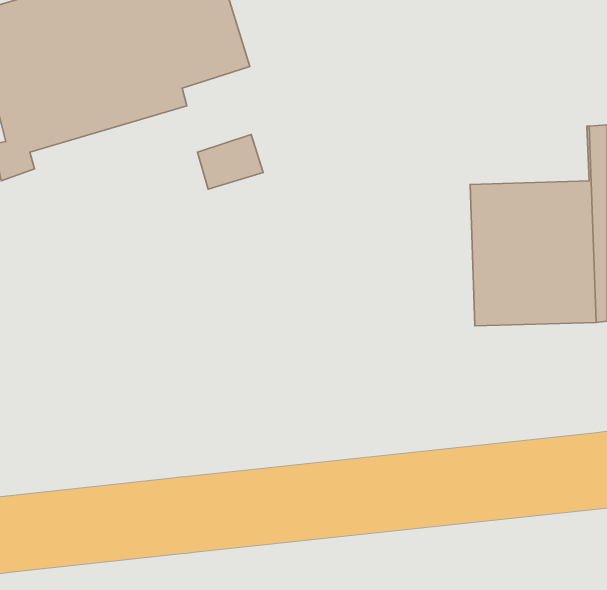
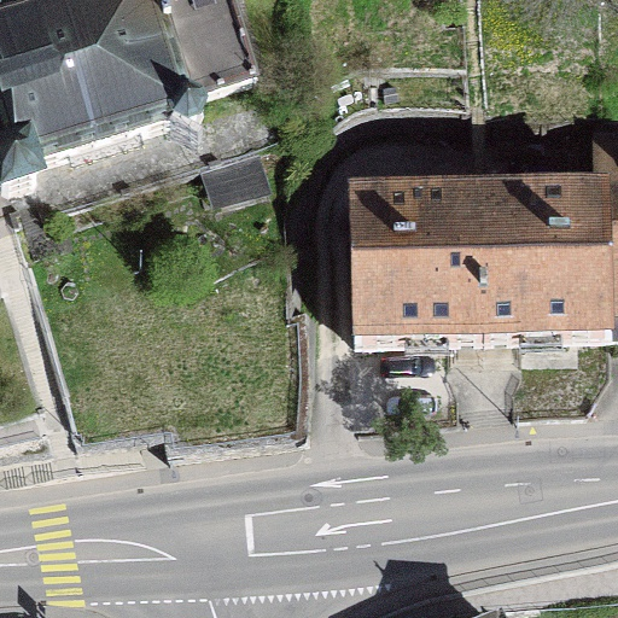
building: none -> [350,187,482,334]

